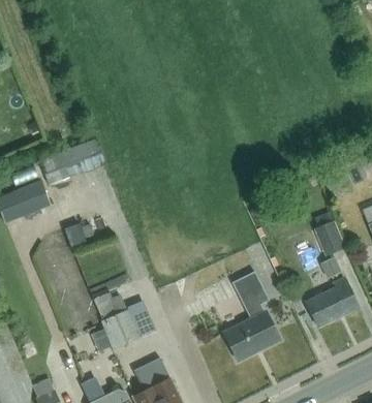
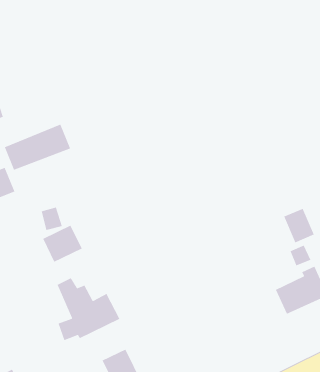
building: none -> [42,224,83,263]
building: [223,271,280,360] -> none

